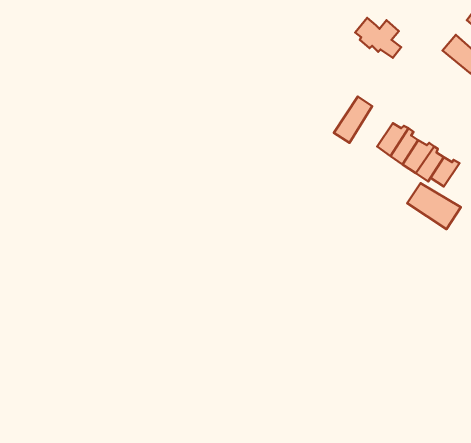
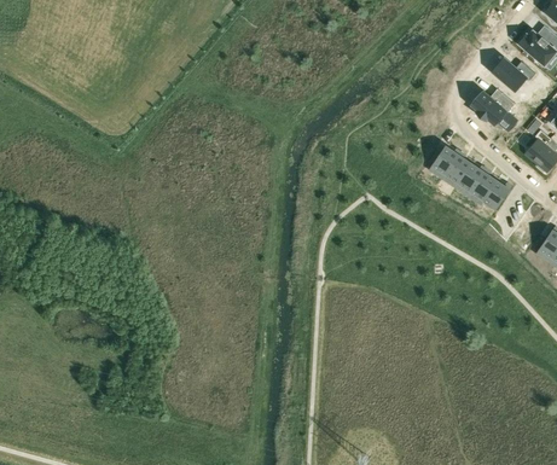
building: [355,18,401,58] -> [470,91,516,130]
building: [334,97,372,143] -> none
building: [407,183,461,229] -> none

